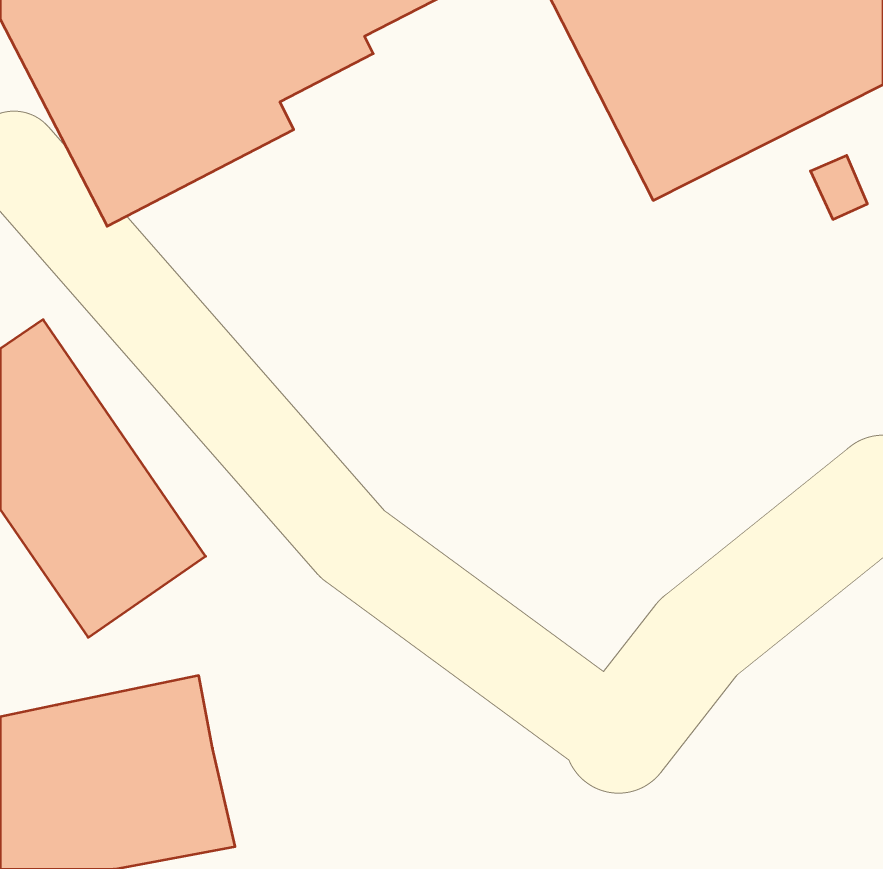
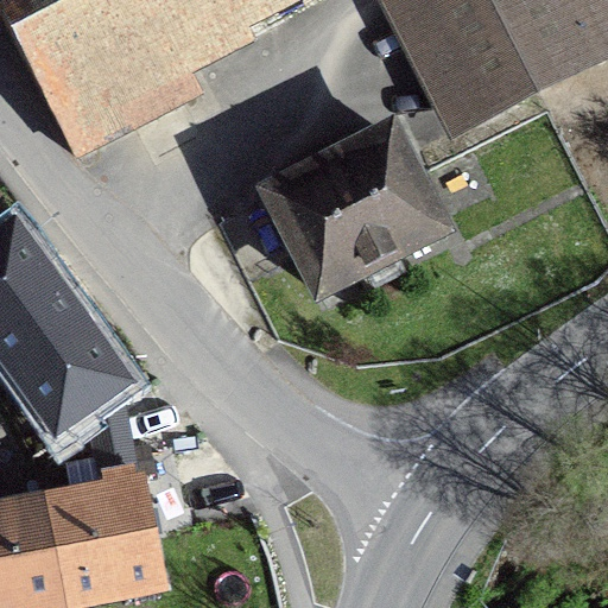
building: none -> [254,115,456,304]

